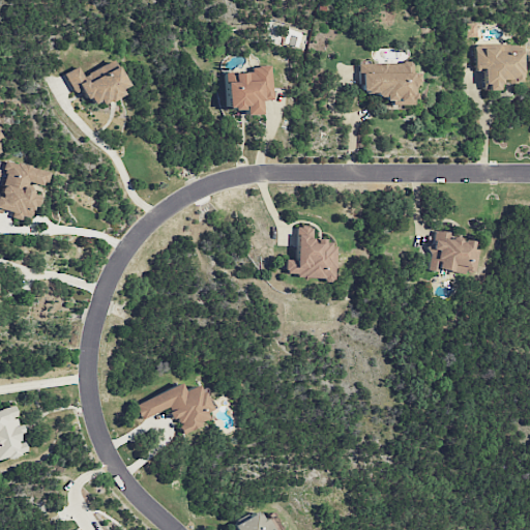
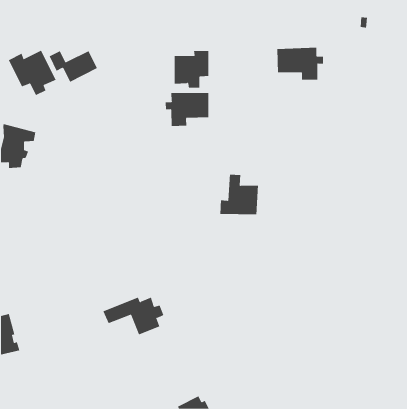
building: [476,46,521,89] -> none
building: none -> [8,50,56,96]
building: none -> [165,92,209,127]
building: [429,230,480,274] -> none

